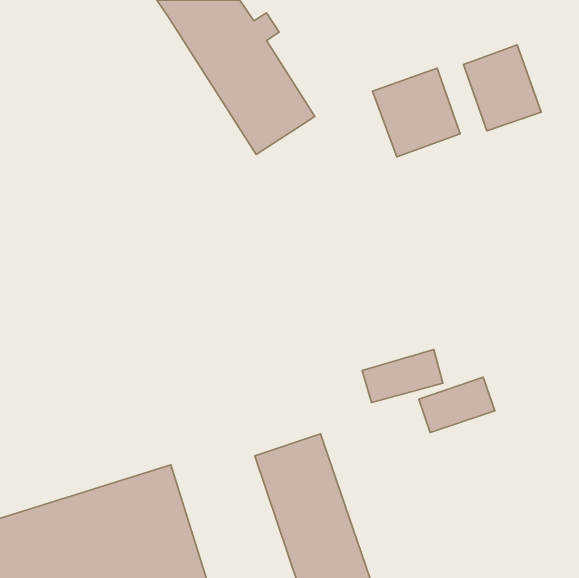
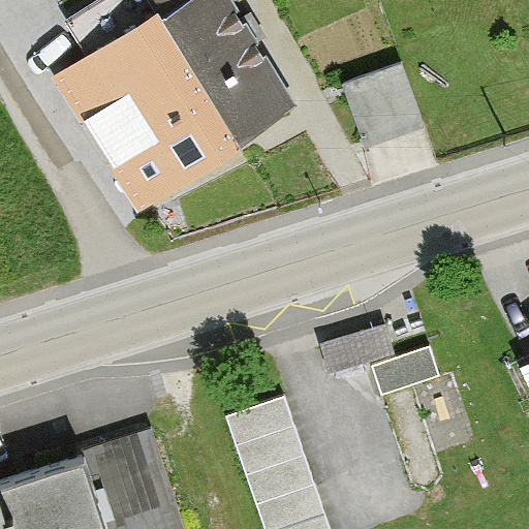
building: none -> [55,26,229,209]
building: [463,45,541,131] -> none

